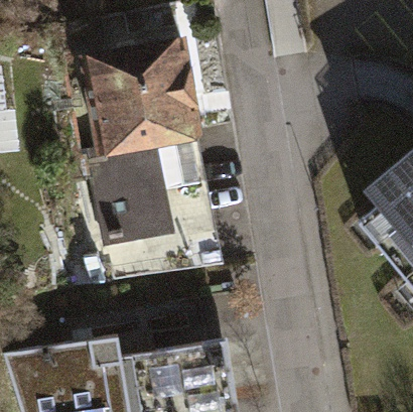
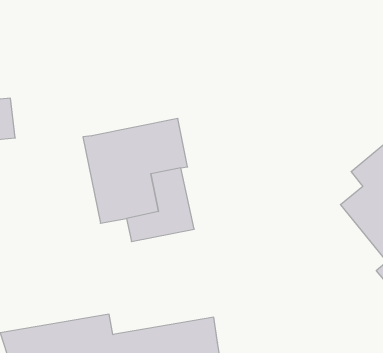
building: [85,39,197,148] -> none

